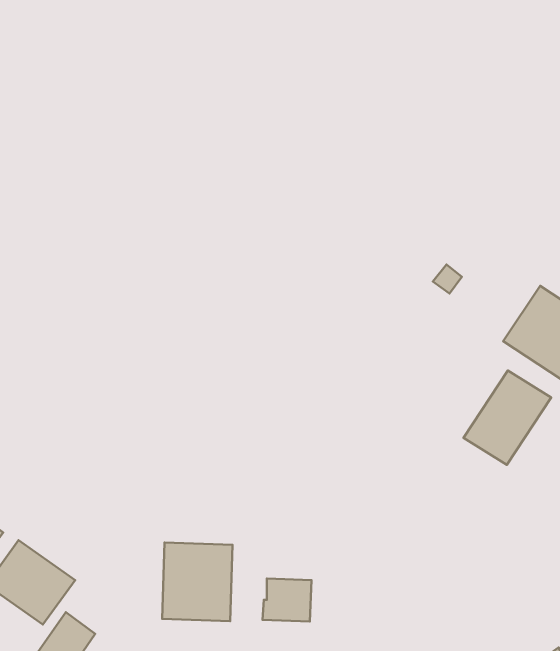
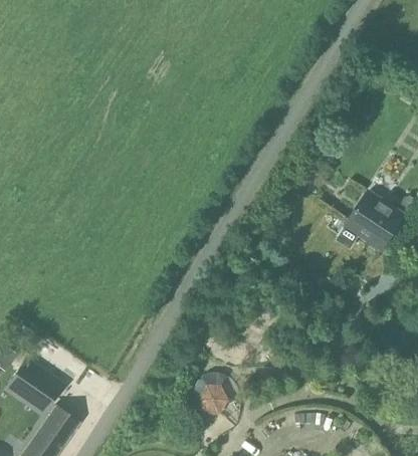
building: [464,370,551,465] -> none
building: [162,542,232,621] -> none

